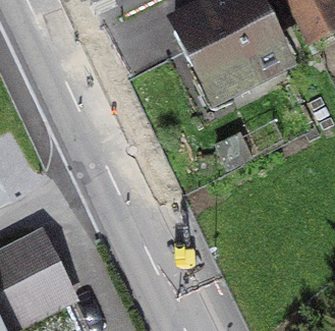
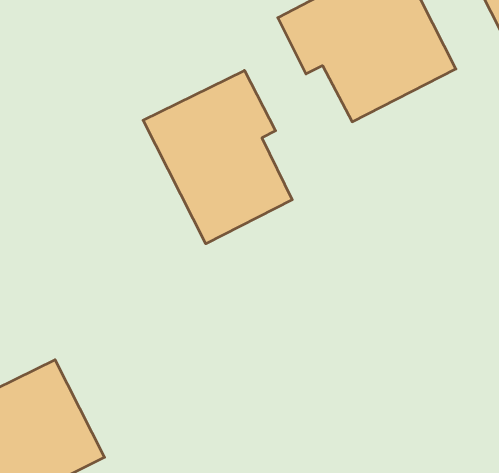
building: none -> [143,70,292,244]

